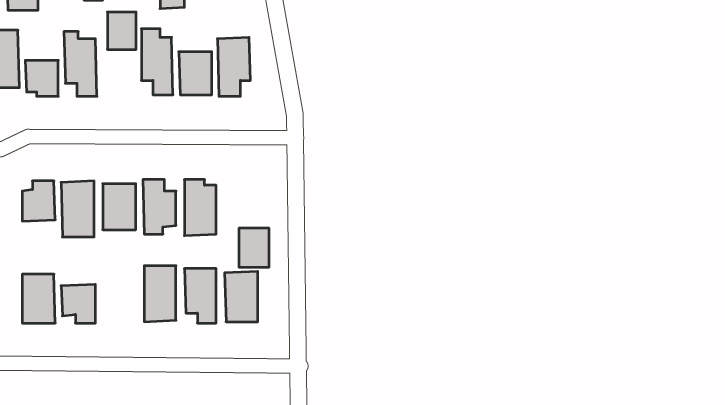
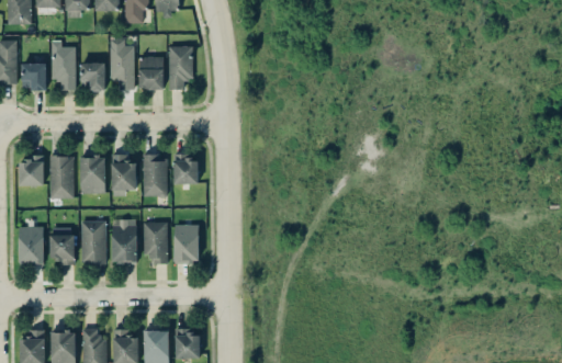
building: [107,12,136,49] -> [83,63,105,91]
building: [239,228,269,267] -> [173,154,196,183]
building: none -> [80,220,105,263]

